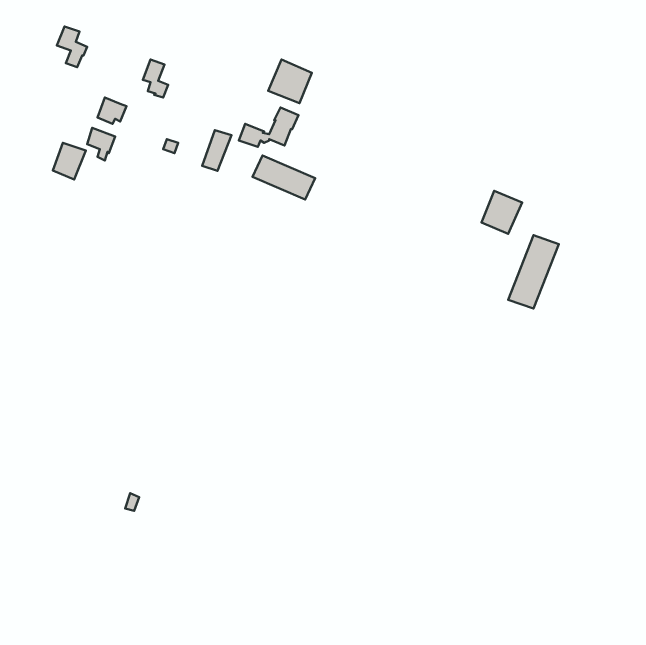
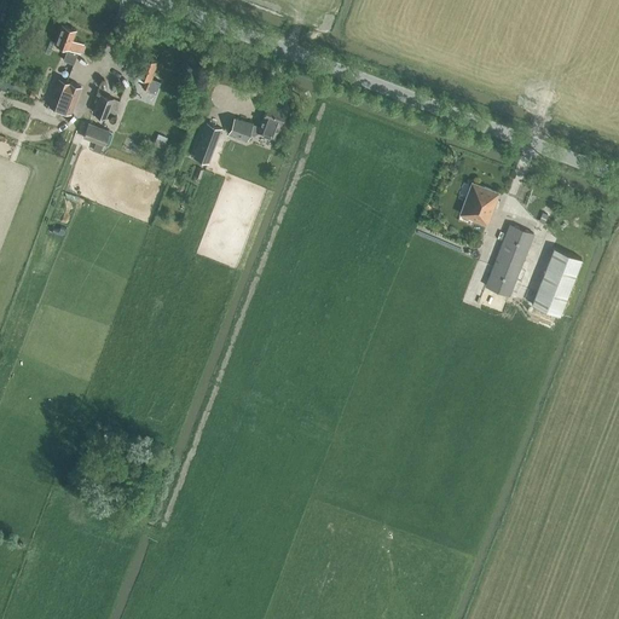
building: [268,59,312,103] -> none
building: [53,143,86,179] -> [50,80,81,115]
building: [253,155,315,199] -> none
building: none -> [532,249,583,317]

